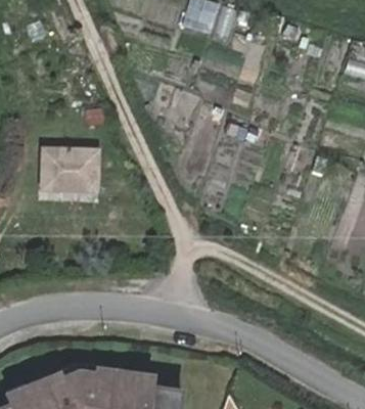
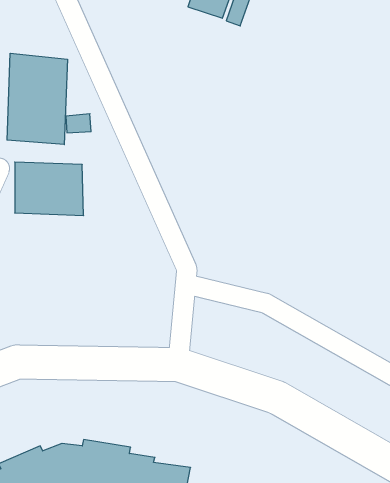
building: none -> [7,53,67,145]

